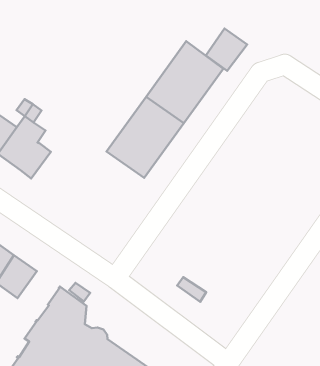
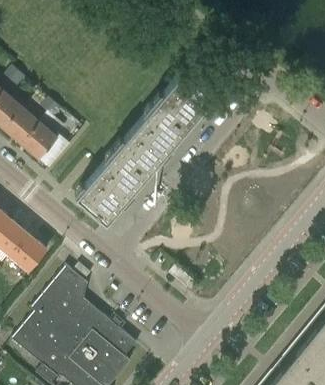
building: [206,28,247,71] -> none
building: none -> [78,150,148,222]

